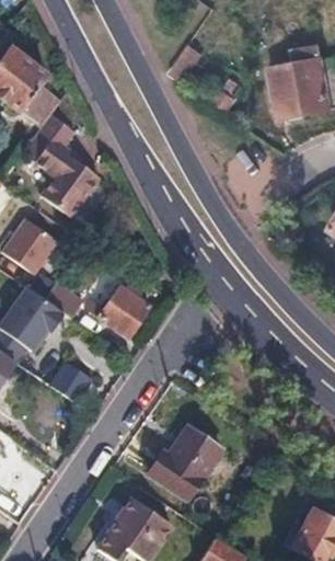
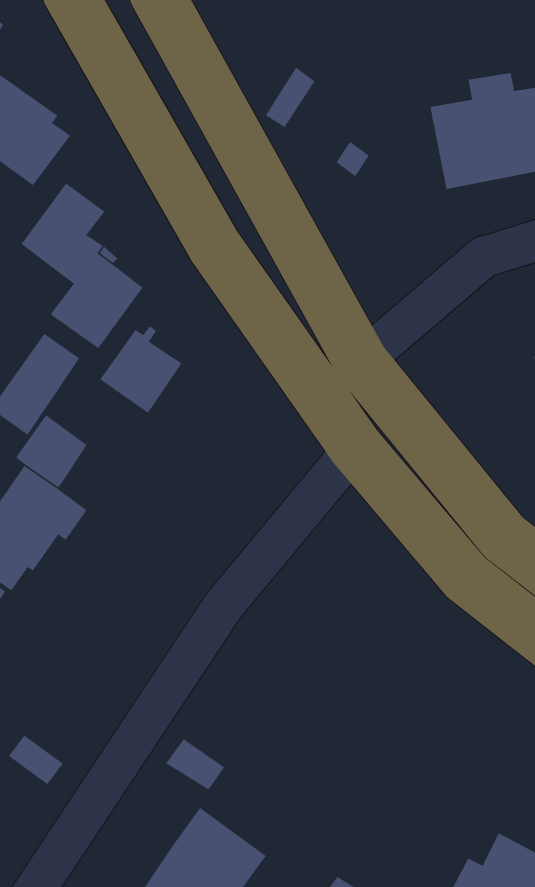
building: [97,285,148,339] -> [99,325,183,414]
building: [48,362,91,404] -> none
building: [148,426,219,497] -> none

